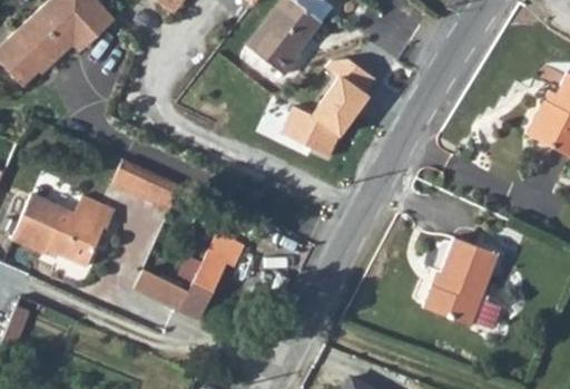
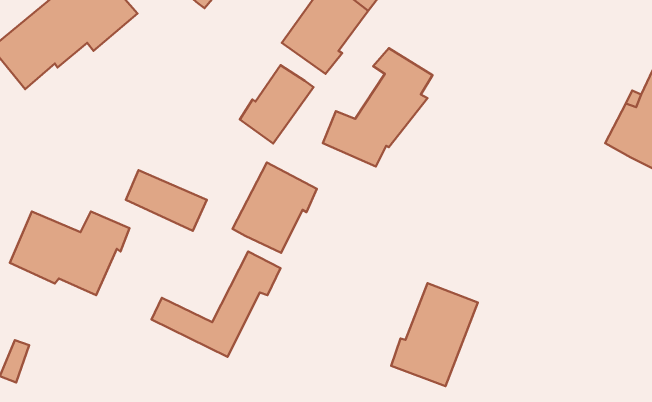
building: none -> [240,65,313,143]
building: none -> [232,163,317,253]
building: [422,236,497,325] -> [391,283,478,386]

